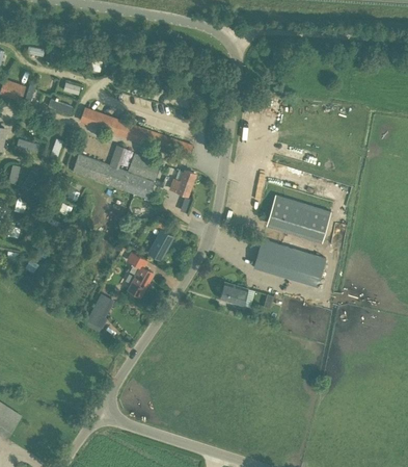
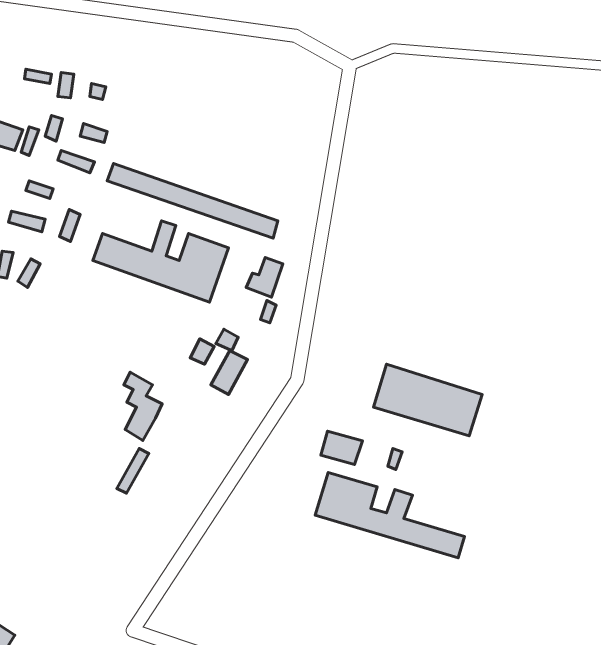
building: [267,196,332,240] -> none
building: [128,252,153,296] -> [124,372,162,441]
building: none -> [315,472,465,558]

